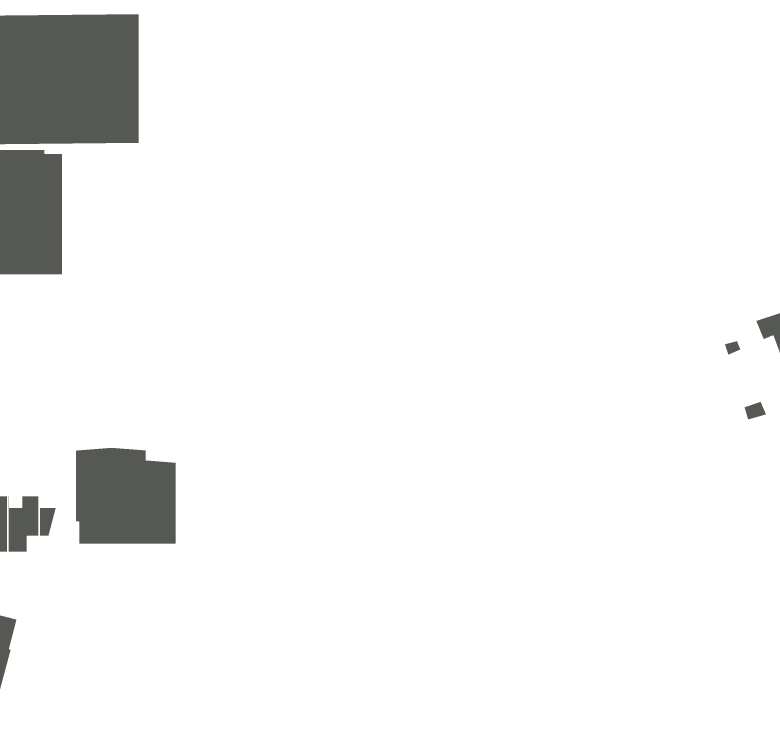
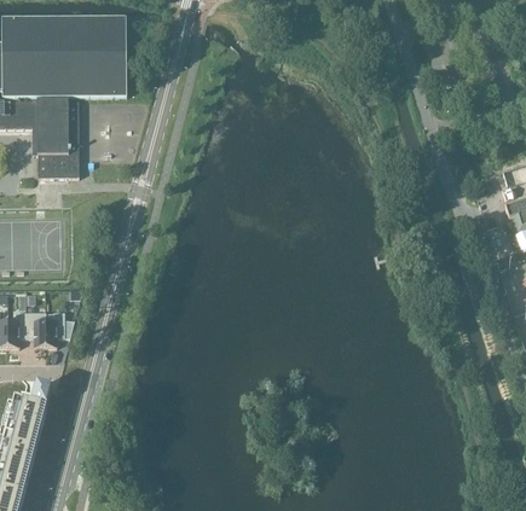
building: [75,447,176,545] -> none

